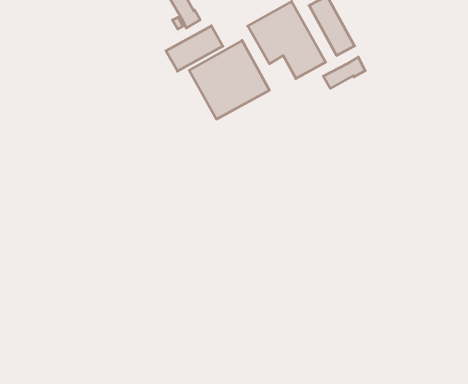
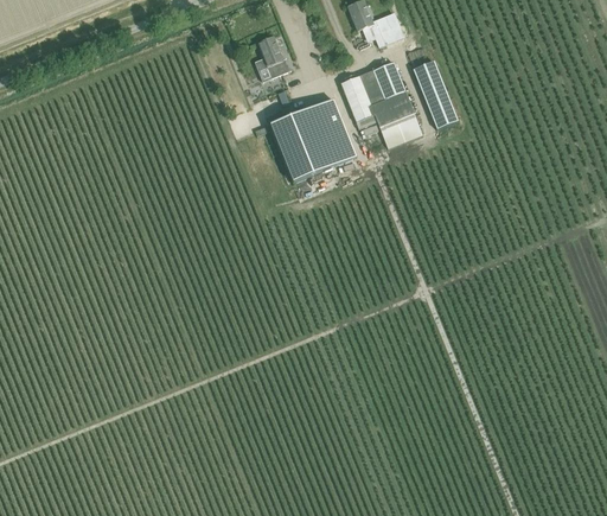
building: [166,26,223,71] -> none
building: [323,57,365,88] -> none

